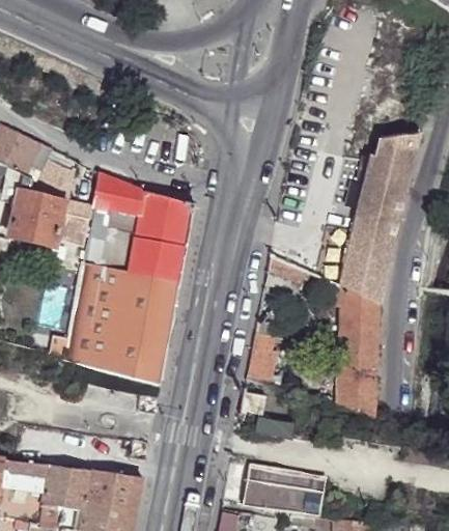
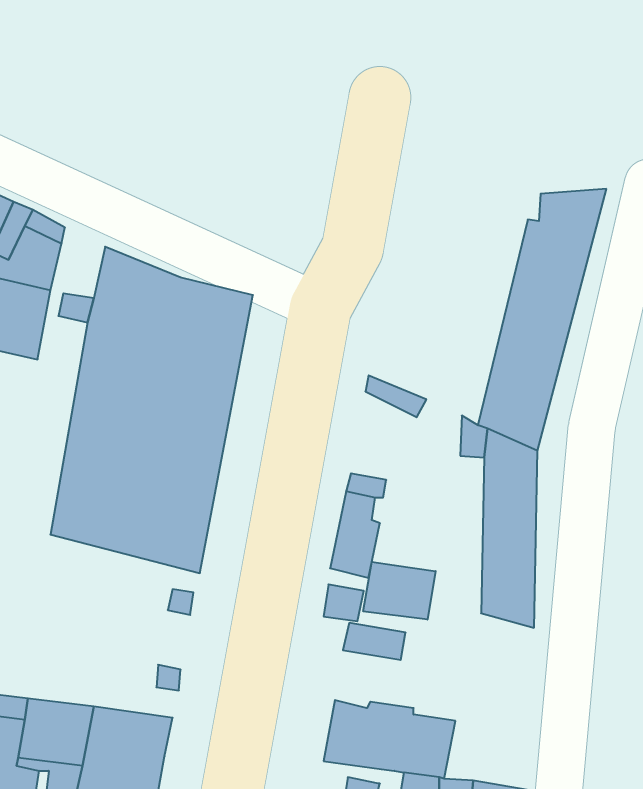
building: none -> [363,562,436,620]

